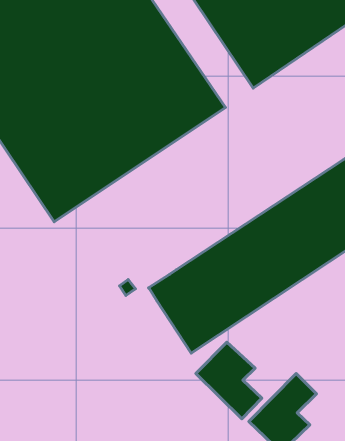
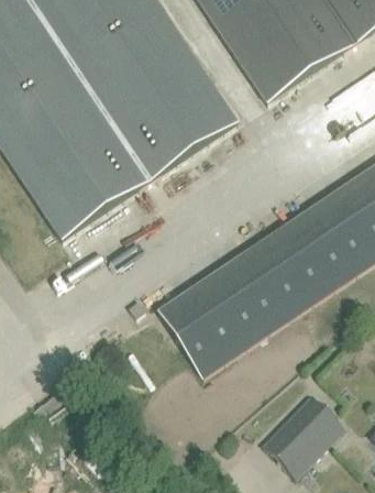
building: [196,342,262,419] -> none

